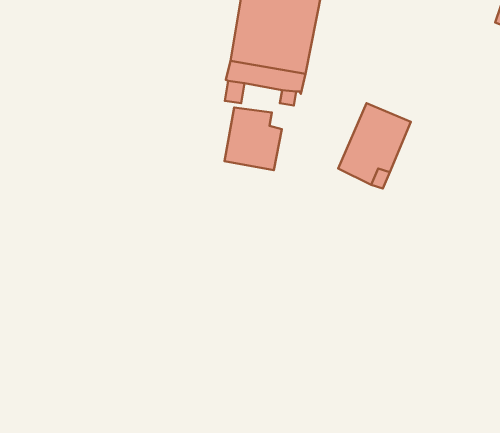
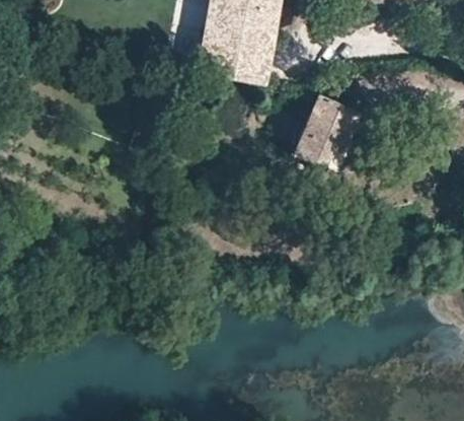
building: [225,107,282,170] -> none

